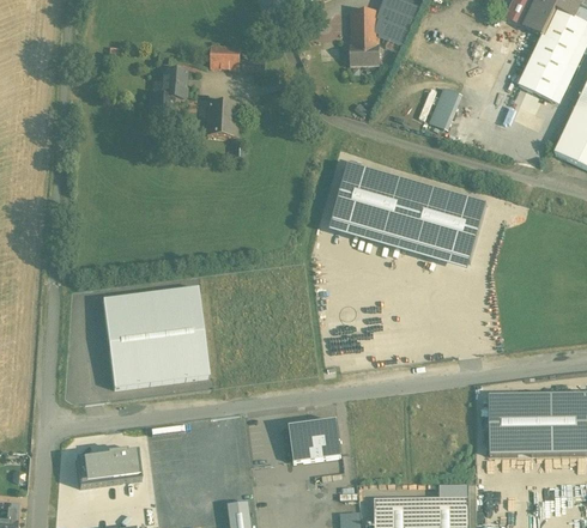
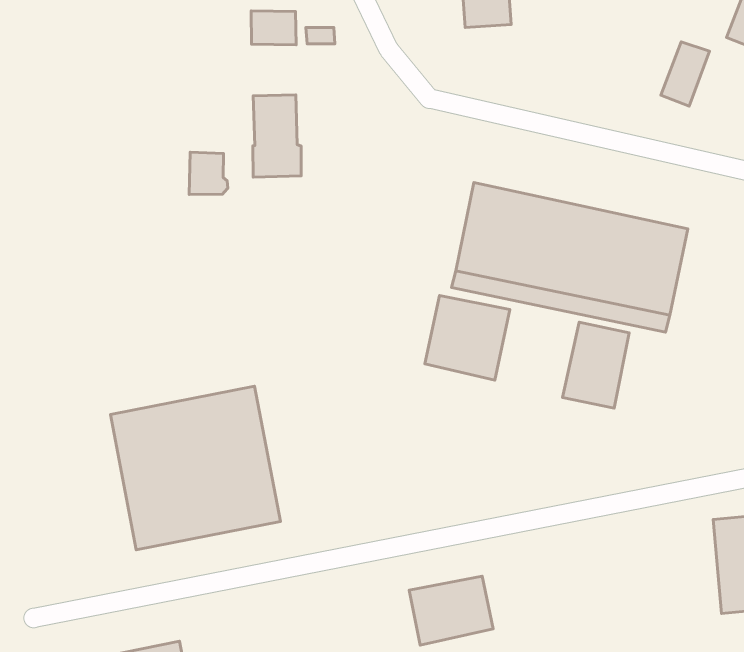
building: [162,67,187,96] -> [189,152,228,195]
building: [429,86,462,128] -> [661,42,710,106]
building: none -> [425,296,510,380]
building: none -> [562,322,629,408]

